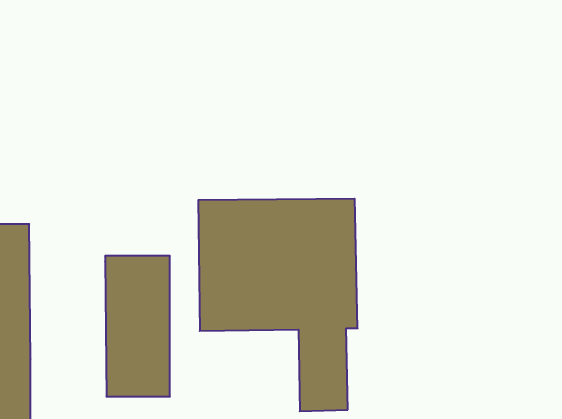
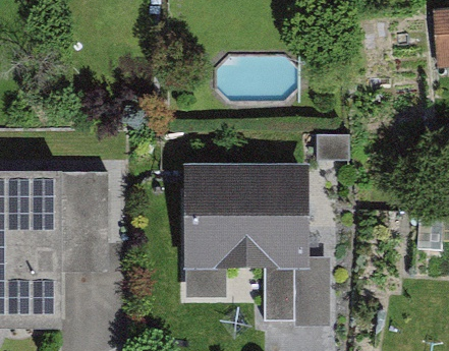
building: [105,256,170,397] -> [61,175,108,277]

